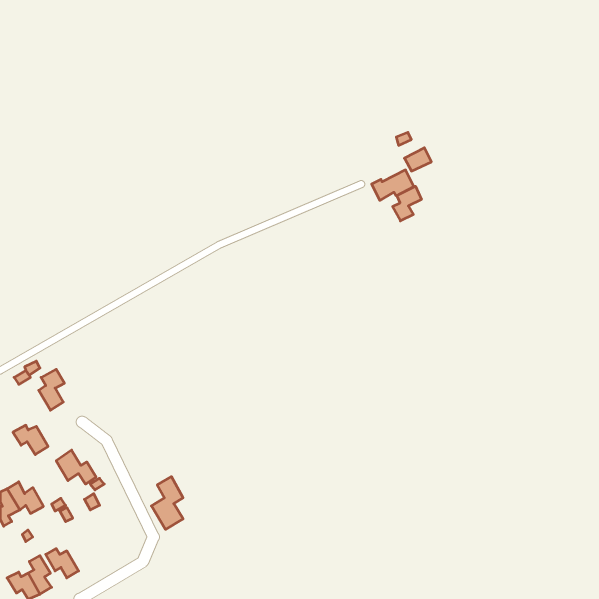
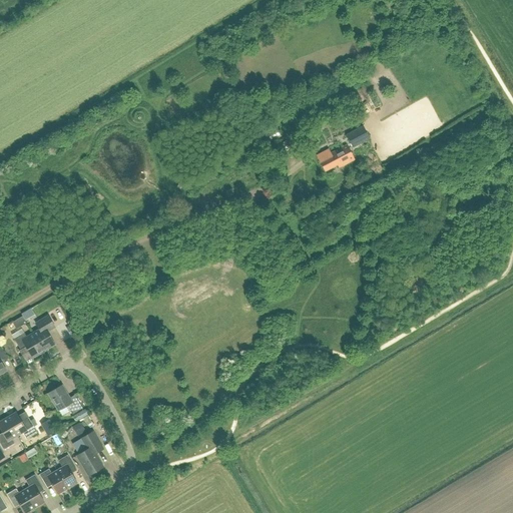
building: [393,186,421,221] -> none
building: [13,425,48,455] -> [13,333,43,358]
building: [151,477,183,529] -> [76,431,103,476]
building: none -> [57,455,76,488]

